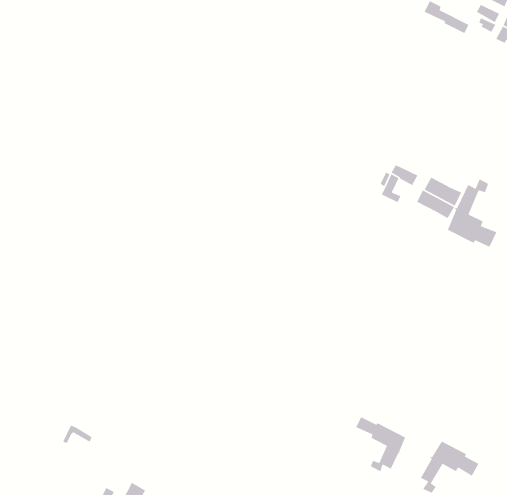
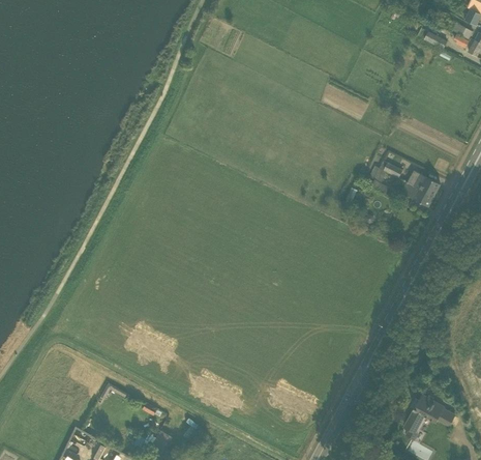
building: [447,178,498,248] -> none
building: [355,416,406,472] -> none

